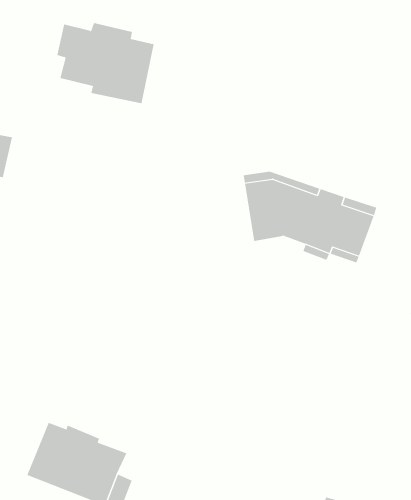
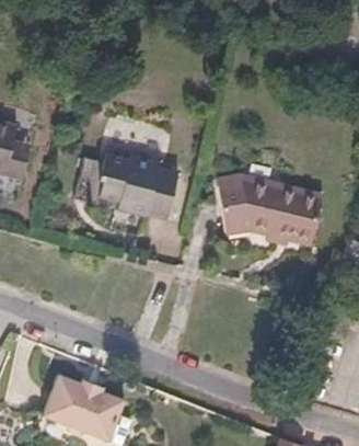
building: [57,22,155,104] -> [97,149,176,215]

